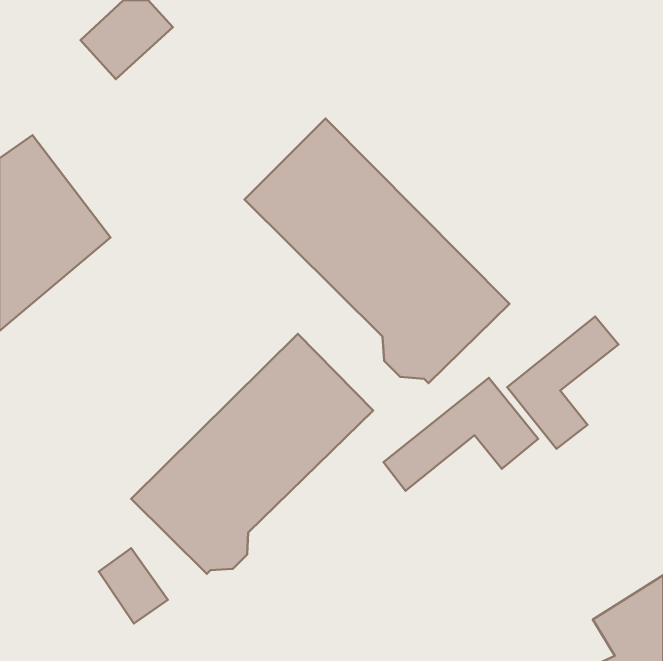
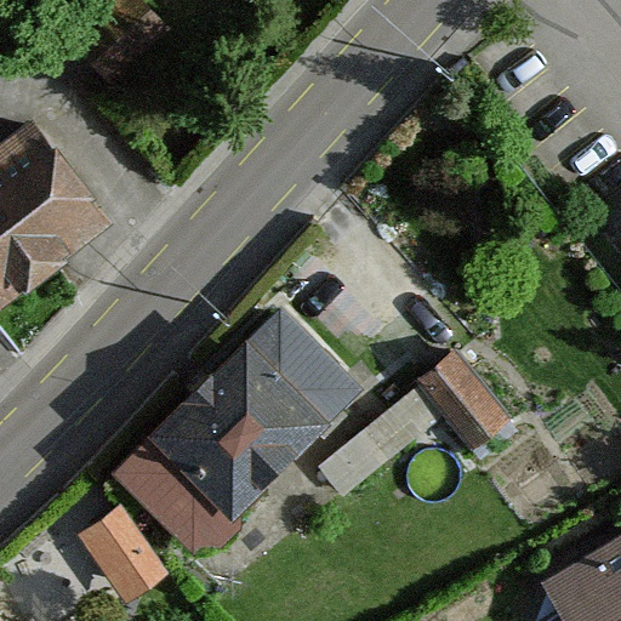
building: [244,118,509,383] -> none
building: [507,317,618,449] -> none

